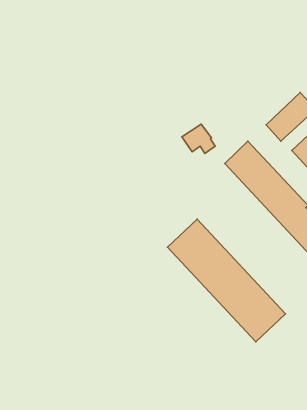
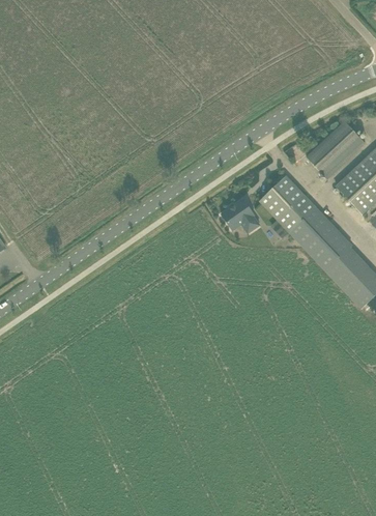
building: [182,124,215,154] -> [221,198,258,231]
building: [168,219,285,342] -> none

